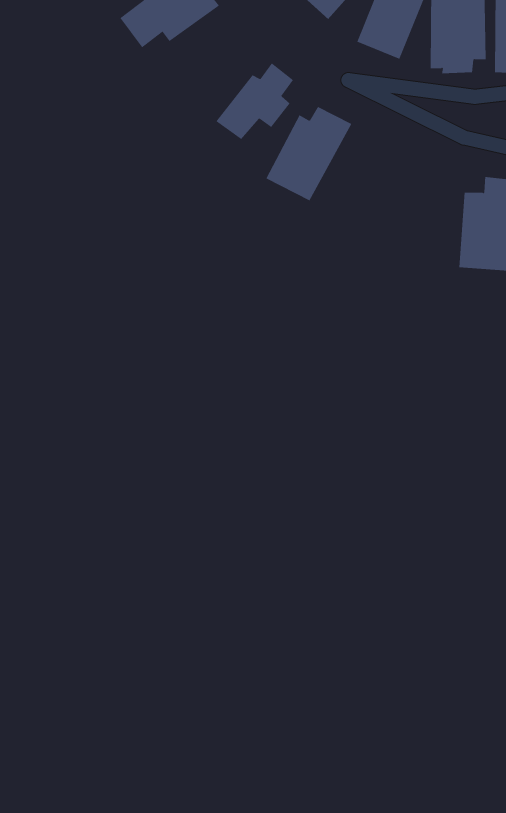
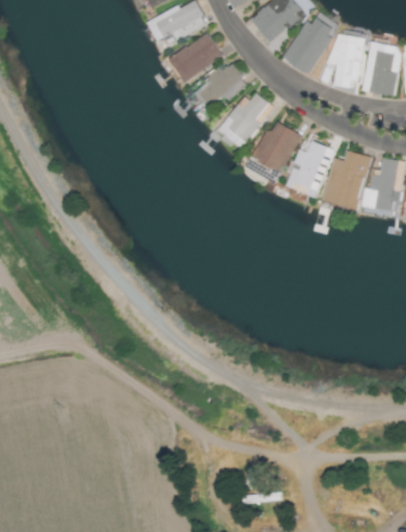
building: none -> [169,32,223,83]
building: none -> [251,122,301,174]
building: none -> [286,140,333,197]

